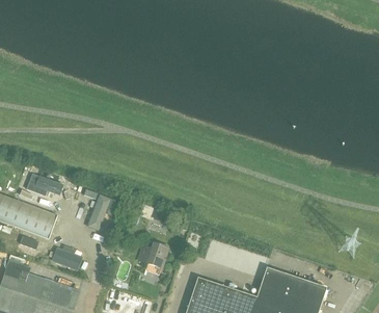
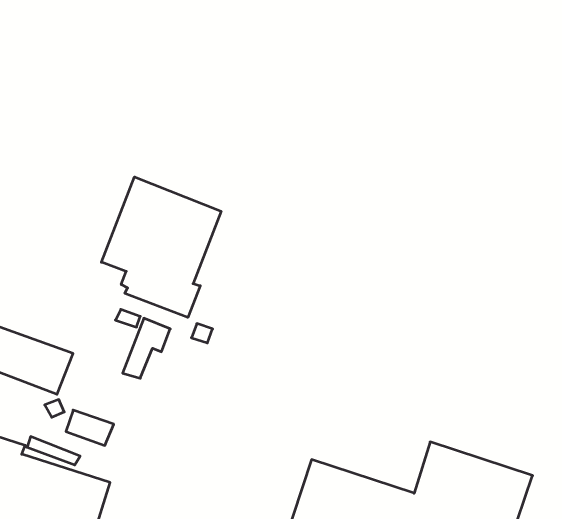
building: none -> [101,177,221,317]
building: [25,173,62,194] -> none
building: [137,242,168,267] -> none

